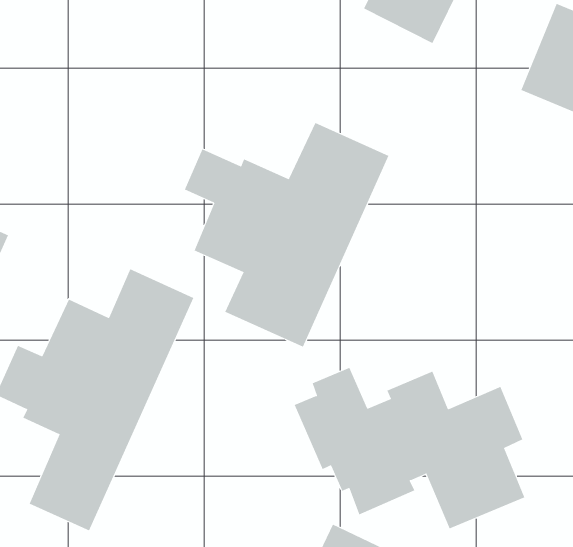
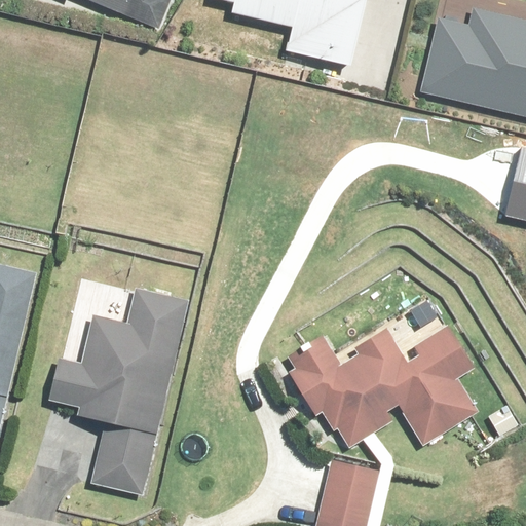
building: [184,122,389,347] -> none

